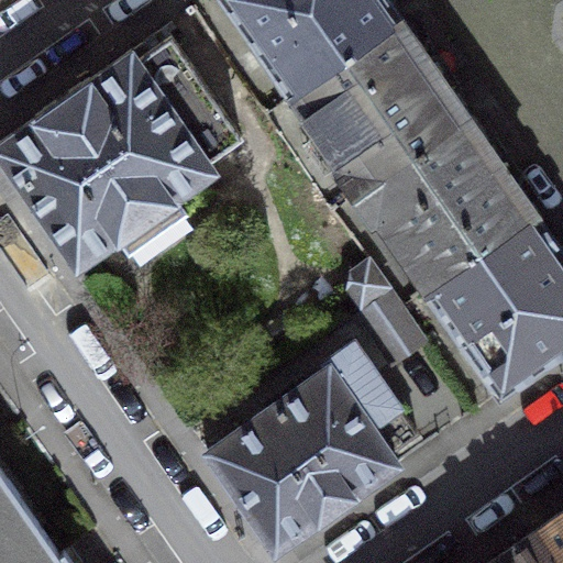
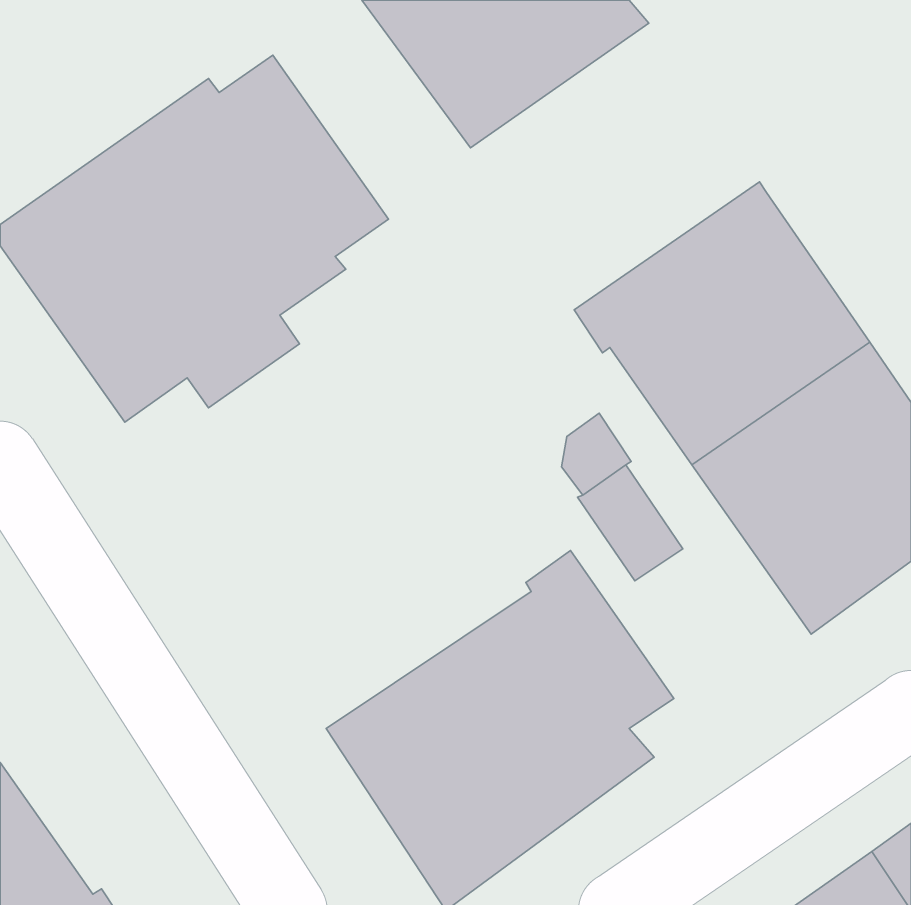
building: [290,18,468,195] -> none

